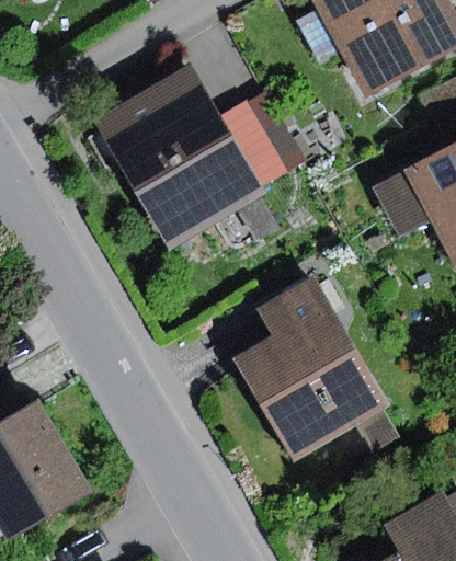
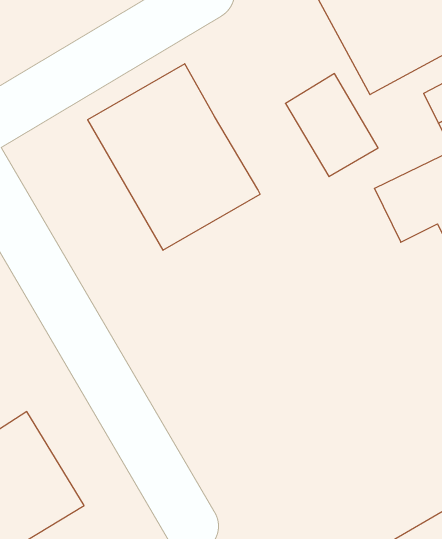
building: [217,89,306,187] -> [285,74,378,177]
building: [237,276,391,460] -> none

